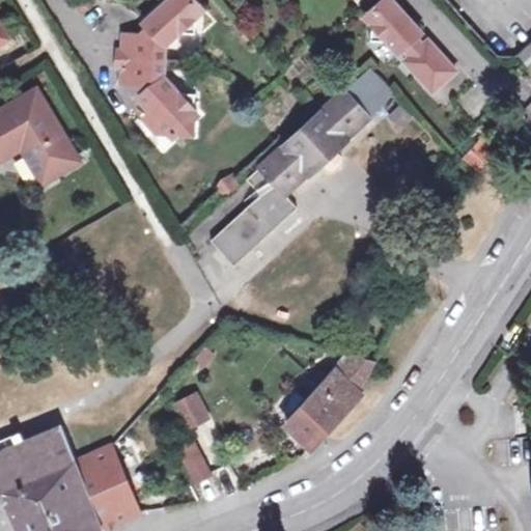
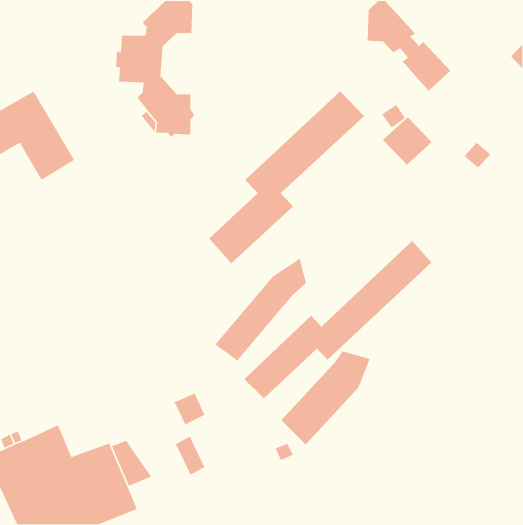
building: [343,67,394,117] -> [382,116,432,166]
building: none -> [243,240,432,399]
building: none -> [215,257,307,361]

